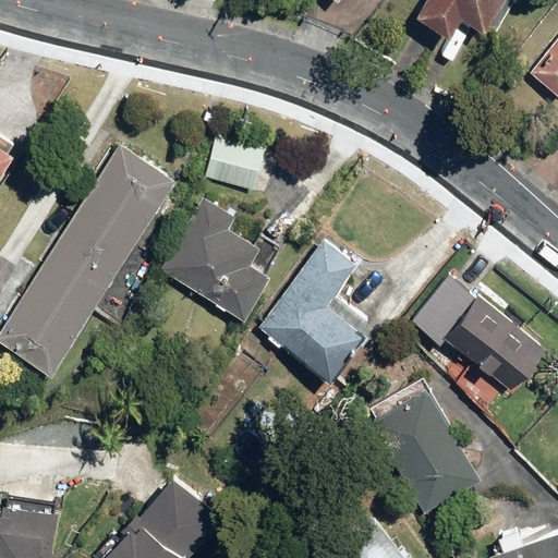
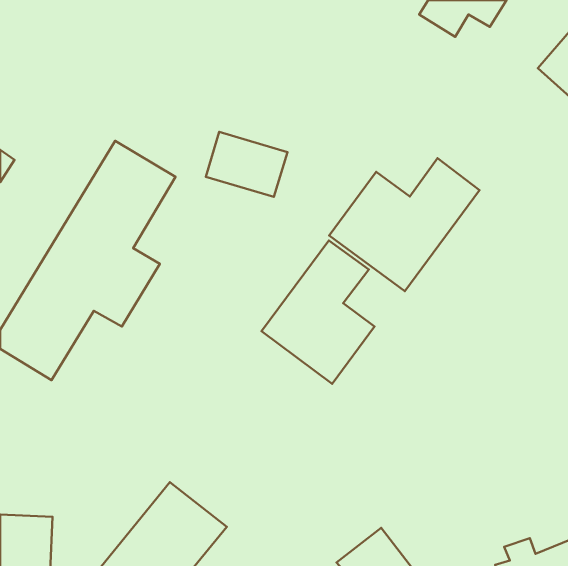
building: none -> [329,158,480,291]
building: [161,197,290,318] -> none
building: [411,276,546,393] -> none
building: [362,378,488,519] -> none

